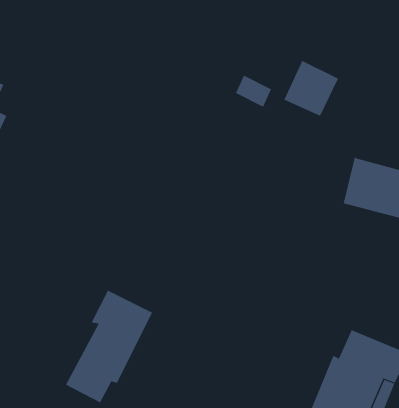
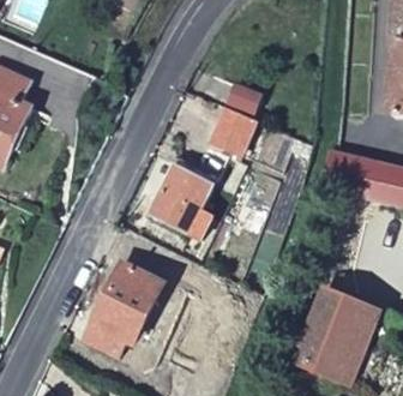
building: [284,60,339,117] -> [209,96,255,144]
building: none -> [148,150,215,227]

